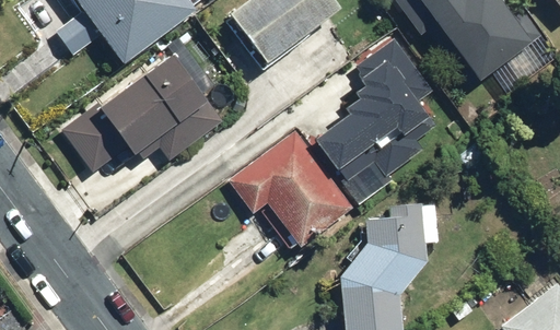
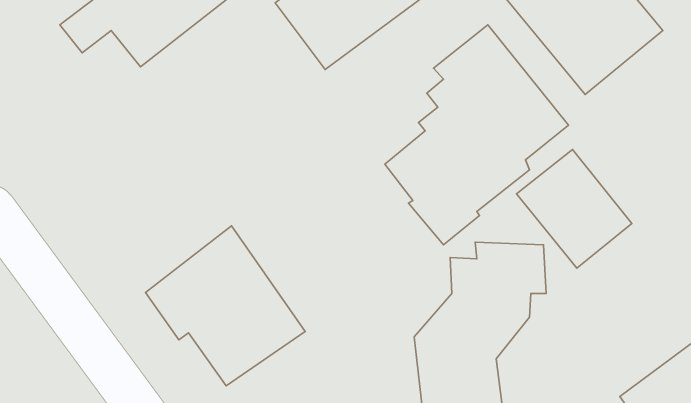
building: [60,34,225,174] -> none
building: [230,127,355,252] -> [145,226,305,386]
building: none -> [516,149,632,268]

